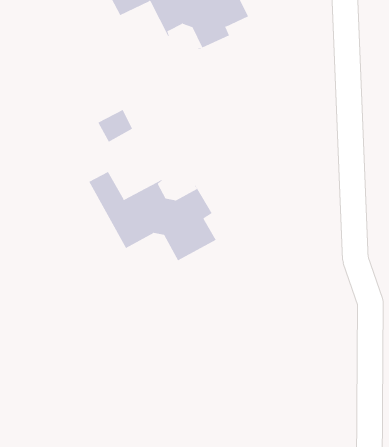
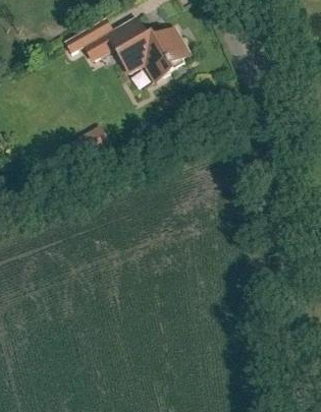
building: [88,171,216,261] -> none

